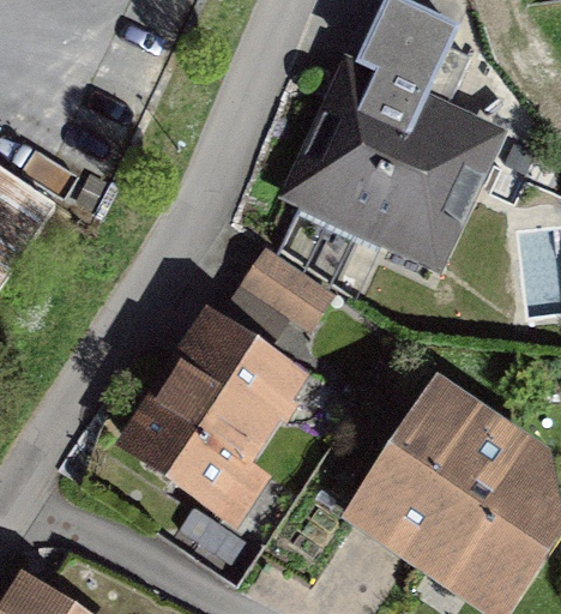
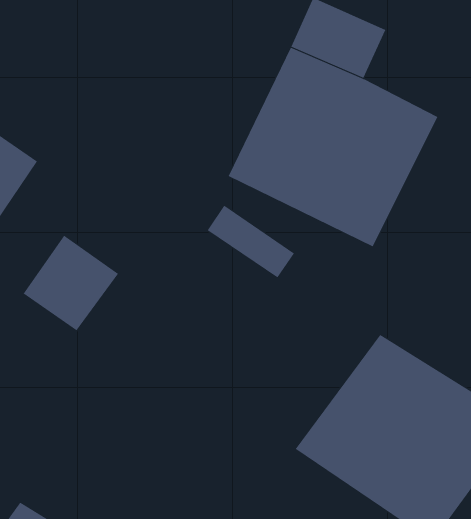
building: none -> [23,235,119,331]
building: [120,306,315,510] -> none

